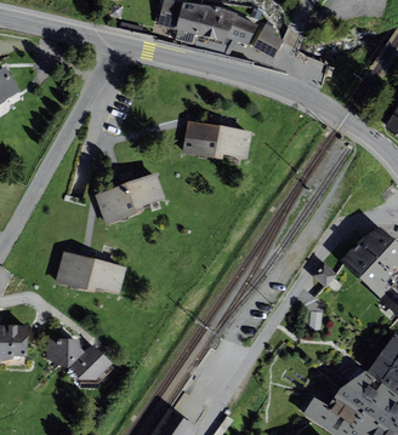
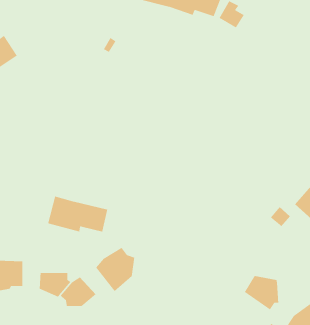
building: [183,121,251,160] -> none
building: [96,172,166,225] -> none
building: none -> [95,247,135,292]
building: none -> [244,275,279,311]

